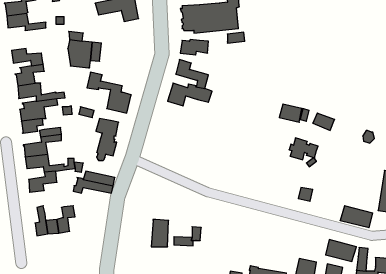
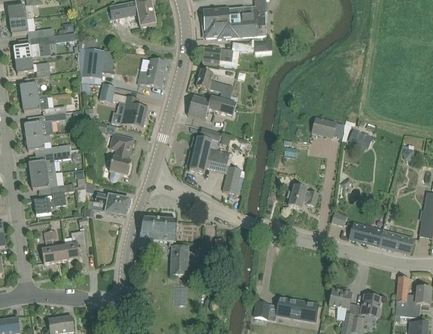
building: none -> [14,32,76,59]
building: none -> [138,58,167,87]
building: none -> [190,127,242,194]
building: [289,138,318,160] -> [287,184,319,208]
building: none -> [137,218,177,249]
building: [326,240,356,261] -> [349,222,383,246]

